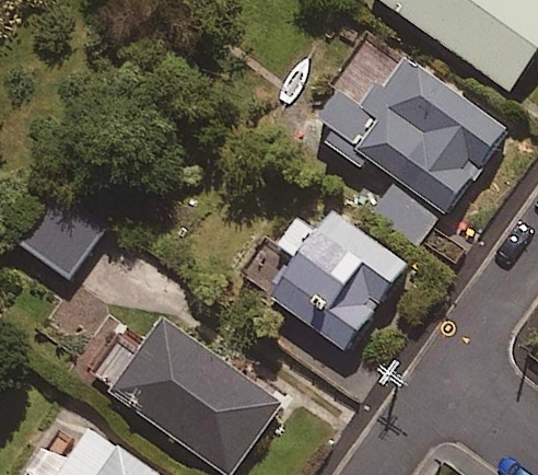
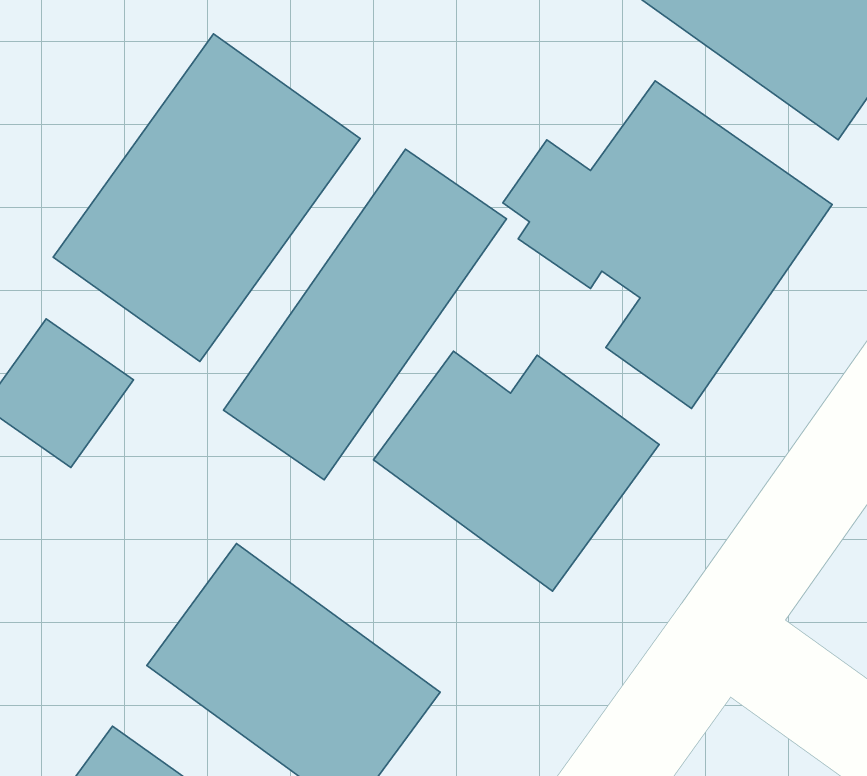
building: none -> [53,34,360,362]
building: none -> [223,149,506,480]

